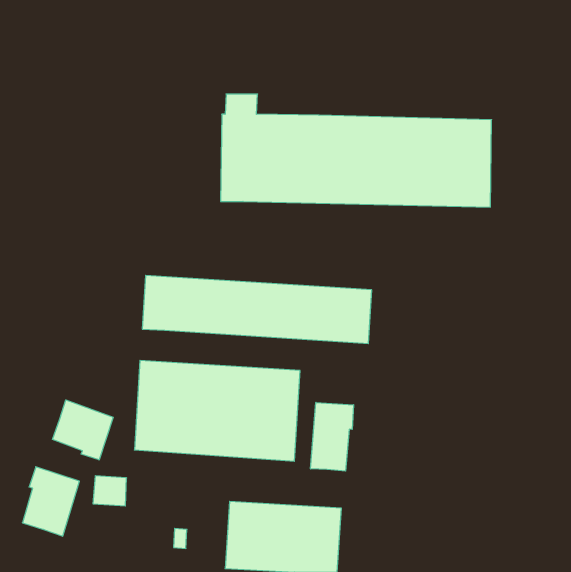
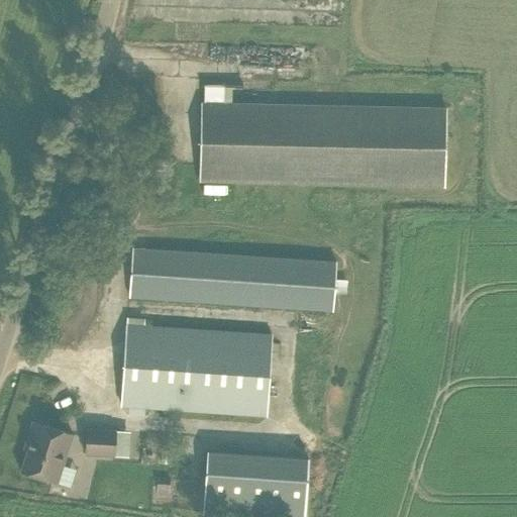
building: [53,400,113,460] -> none
building: [311,402,354,471] -> none

